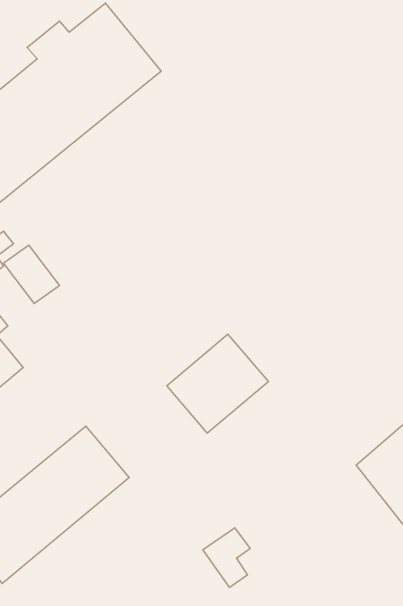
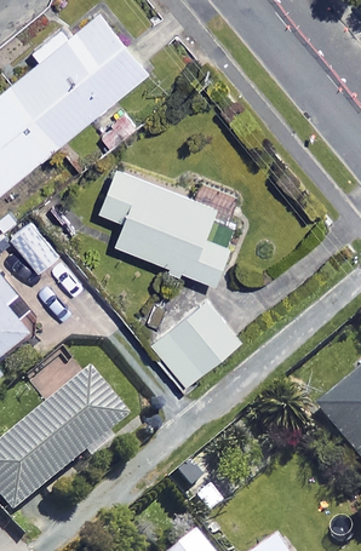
building: none -> [101,167,229,282]

